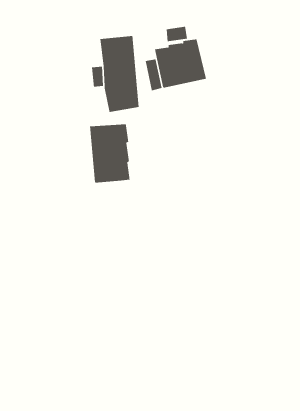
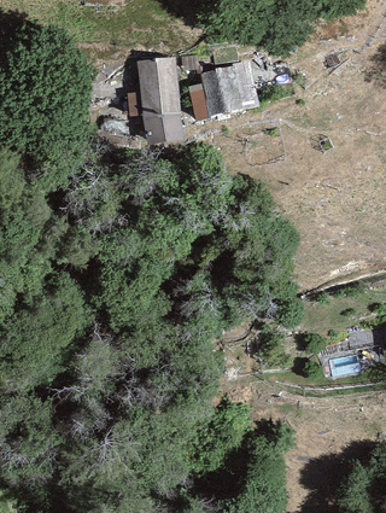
building: [90,123,130,184] -> none

